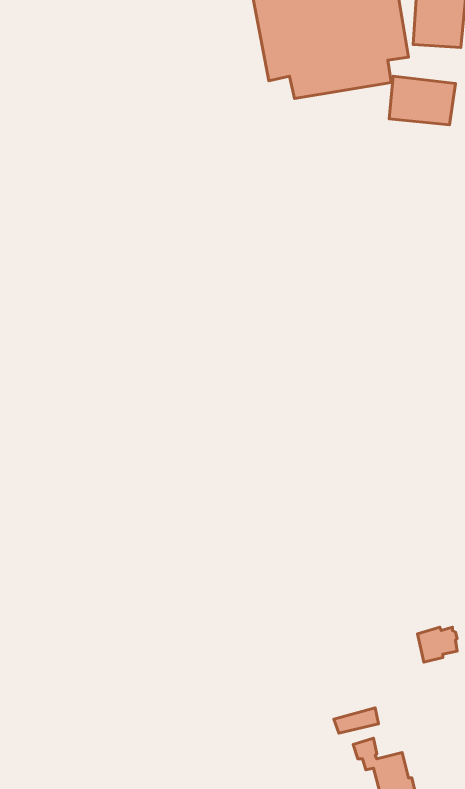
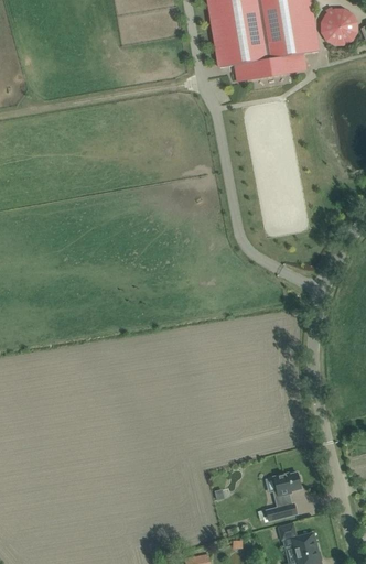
building: [389,76,455,125] -> none
building: [417,627,457,662] -> [273,473,301,497]

